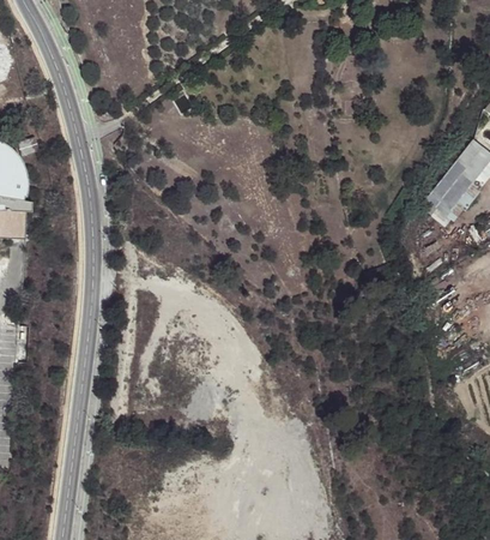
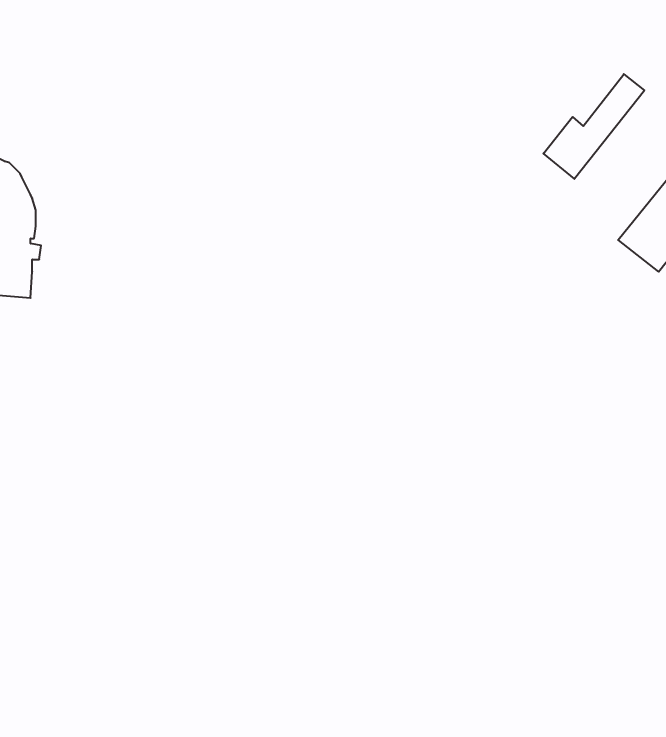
building: none -> [543,74,644,179]

